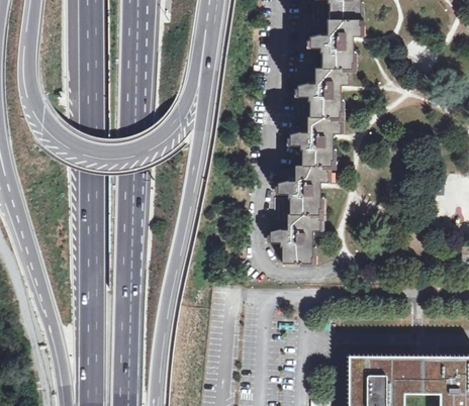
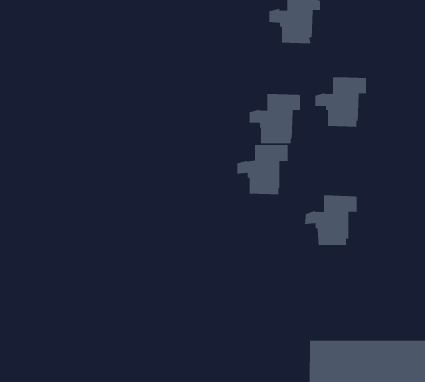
building: [297,68,348,117] -> [315,77,367,128]
building: [270,214,321,264] -> [304,195,357,246]

